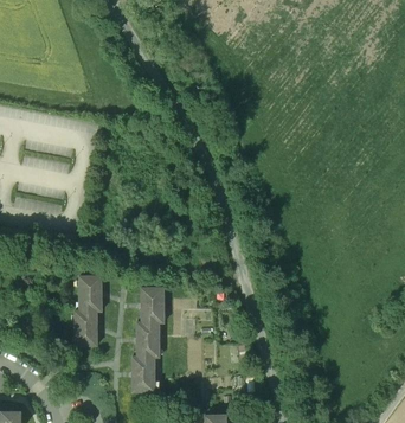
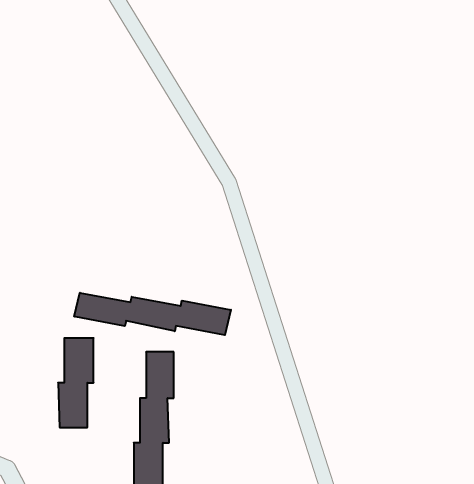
building: none -> [74,293,231,335]

